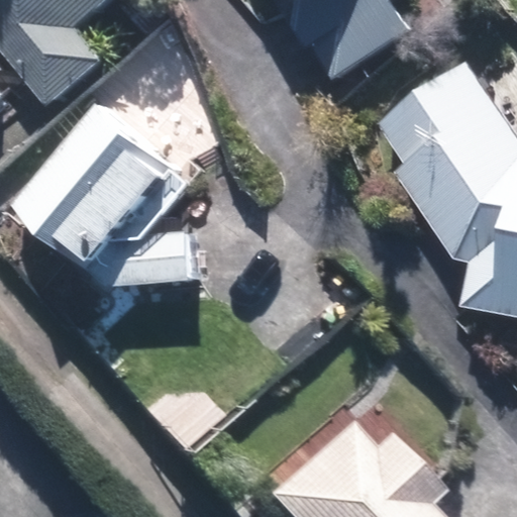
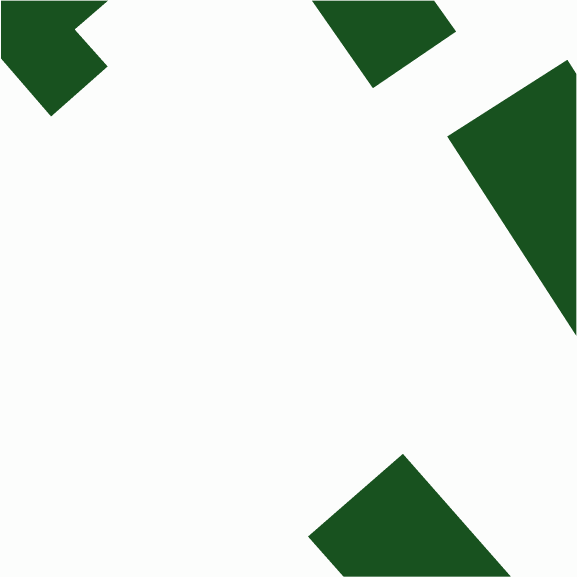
building: [11,104,189,287] -> none

